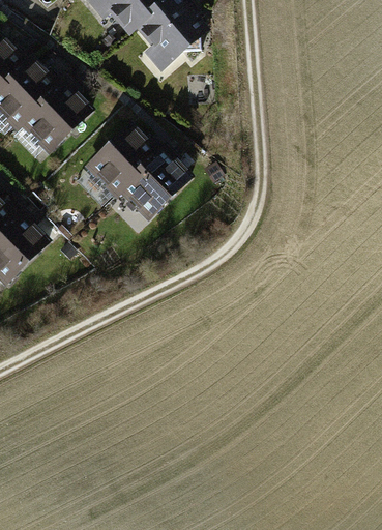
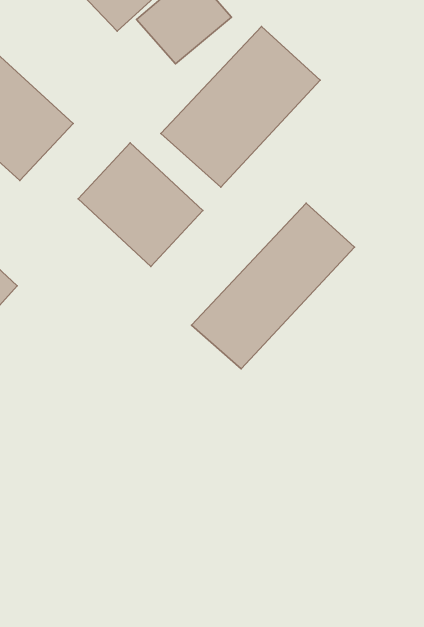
building: none -> [161,26,320,187]
building: none -> [192,203,354,369]

